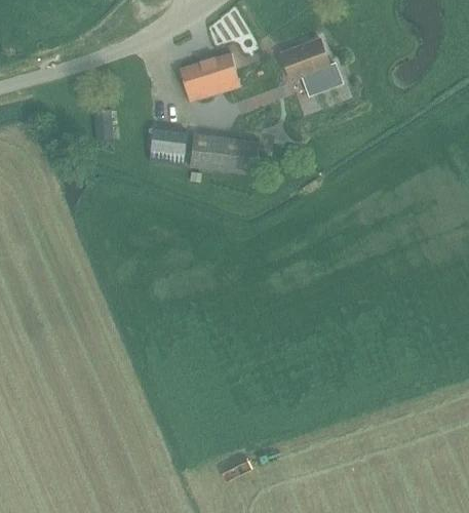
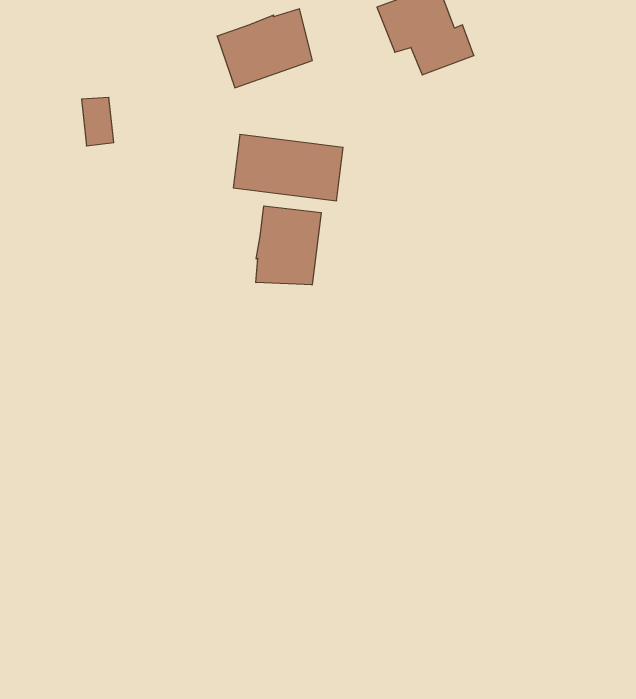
building: [149,127,187,165] -> none
building: none -> [256,206,321,285]

